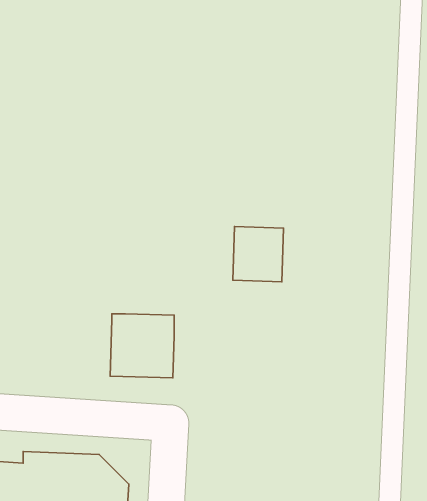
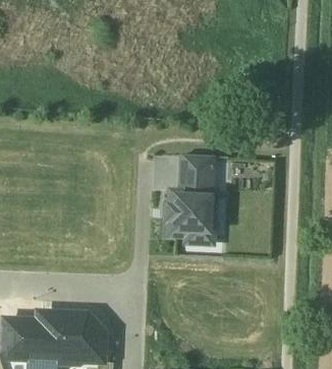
building: [110,314,174,378] -> [169,194,213,238]

